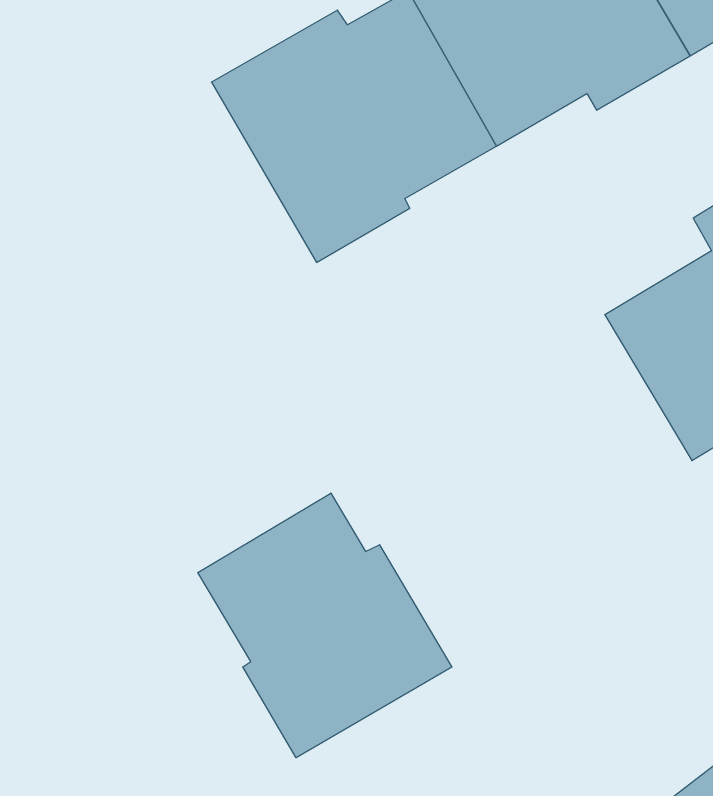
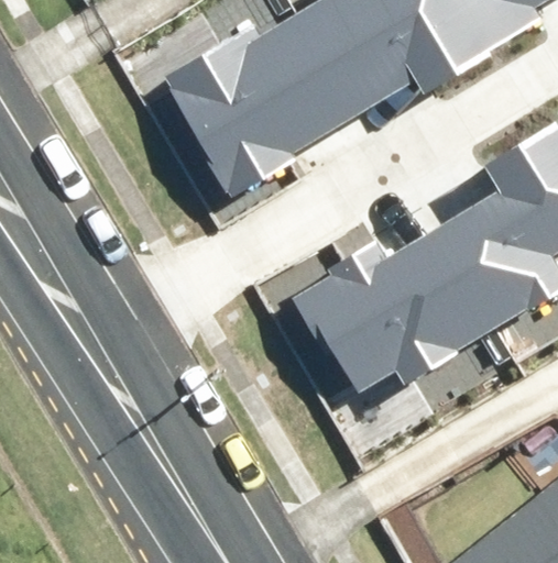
building: none -> [300,227,492,389]
building: [198,493,452,758] -> none

